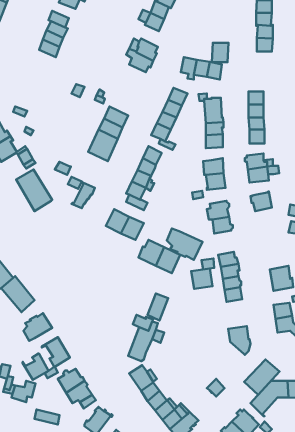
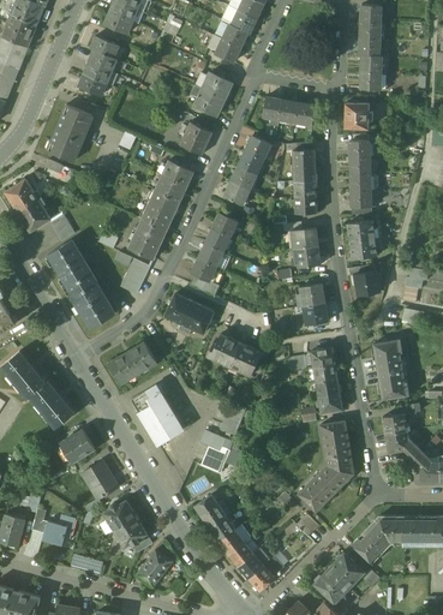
building: [212,43,228,62] -> [346,103,367,129]
building: none -> [47,105,92,161]
building: none -> [179,121,212,154]
building: none -> [130,219,168,259]
building: none -> [72,282,114,328]
building: [167,228,203,260] -> none
building: none -> [373,339,402,371]
building: none -> [110,342,157,384]
building: [191,269,213,289] -> [321,422,348,448]
building: none -> [131,384,182,444]
building: [23,353,49,380] -> none
building: [244,360,279,395] -> [299,465,345,510]

